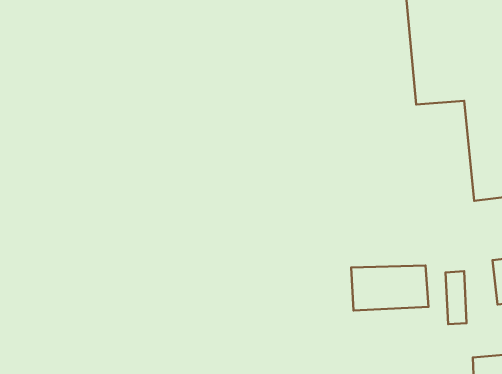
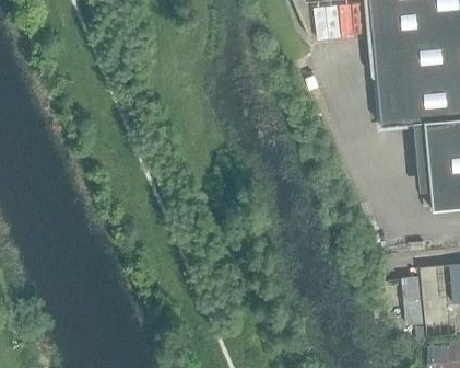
building: [351,266,429,310] -> none

